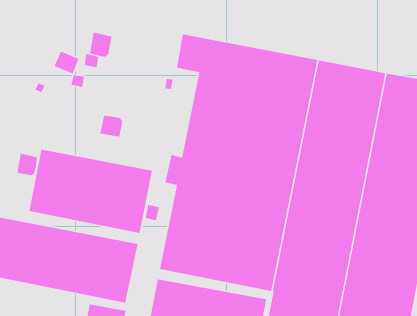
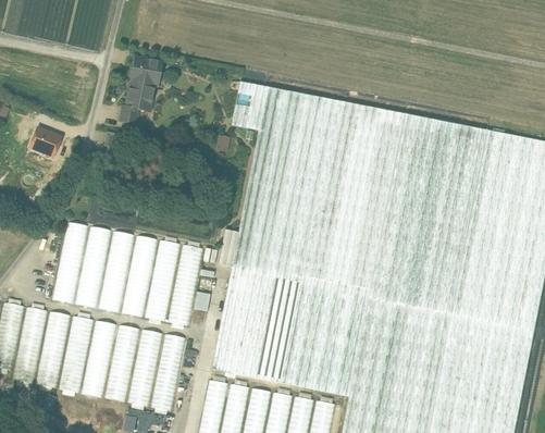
building: none -> [132,57,163,86]
building: [53,50,79,75] -> [30,127,62,157]
building: [99,115,123,137] -> none
building: [17,153,38,176] -> none

